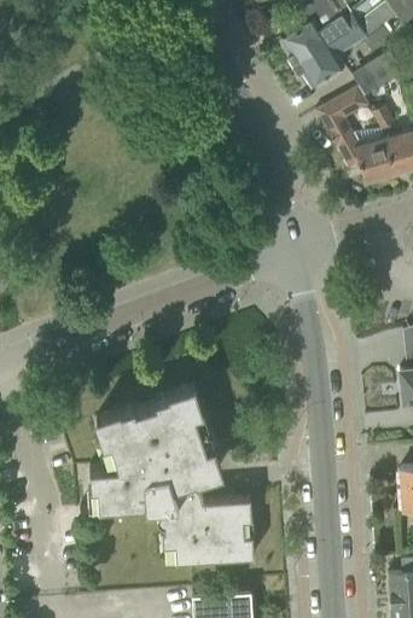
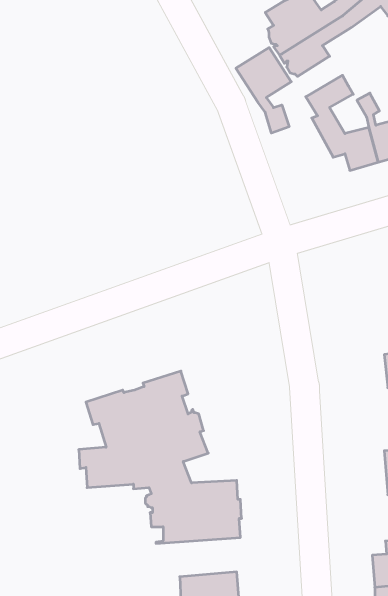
building: [351,49,399,97] -> none
building: none -> [236,48,291,133]

